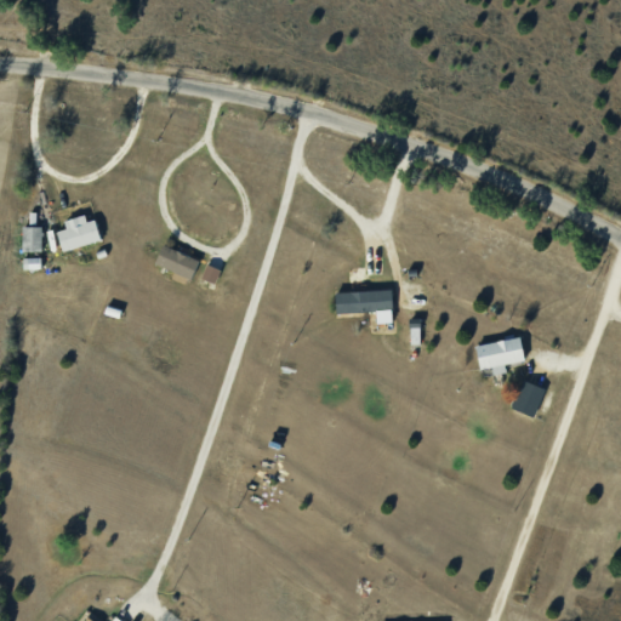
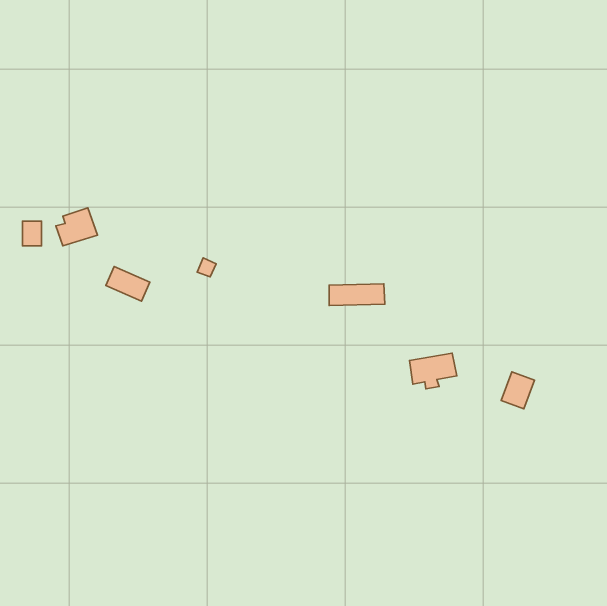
building: [155,245,200,280] -> [106,267,150,301]
building: [477,338,525,375] -> [409,353,457,389]

